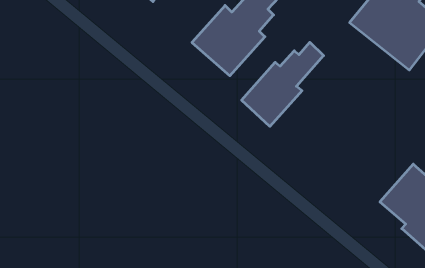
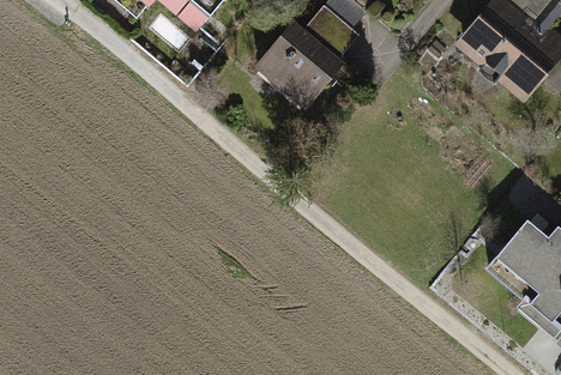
building: [242,42,324,126] -> none

